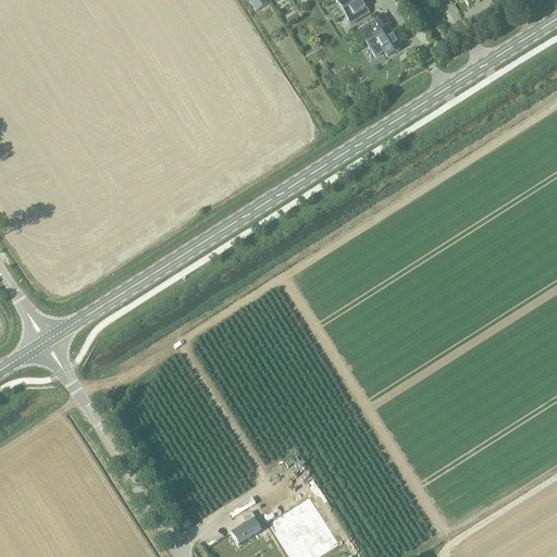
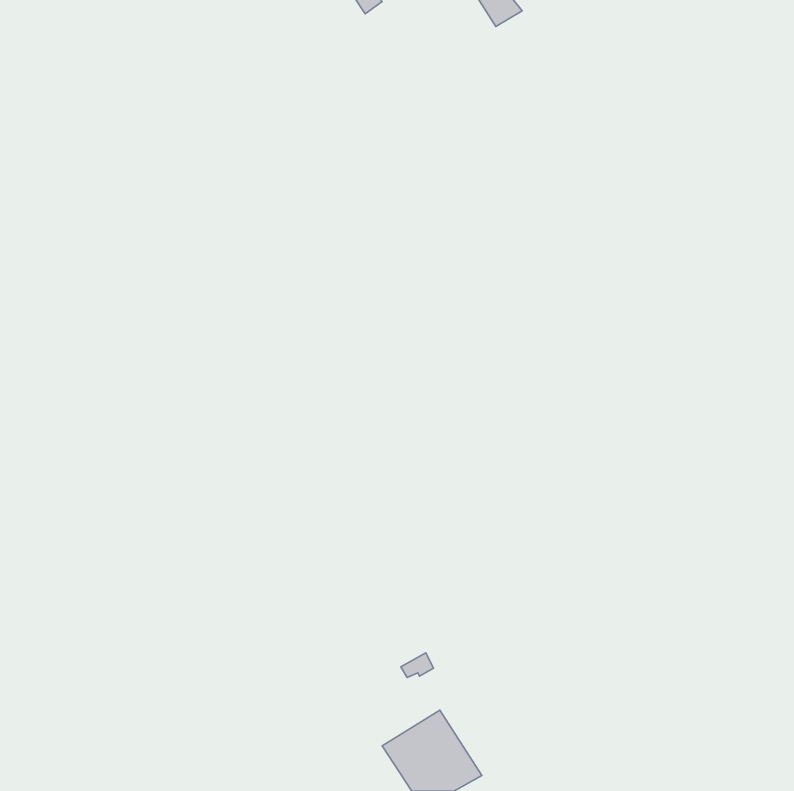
building: [368,14,399,57] -> none
building: [230,511,260,545] -> none

